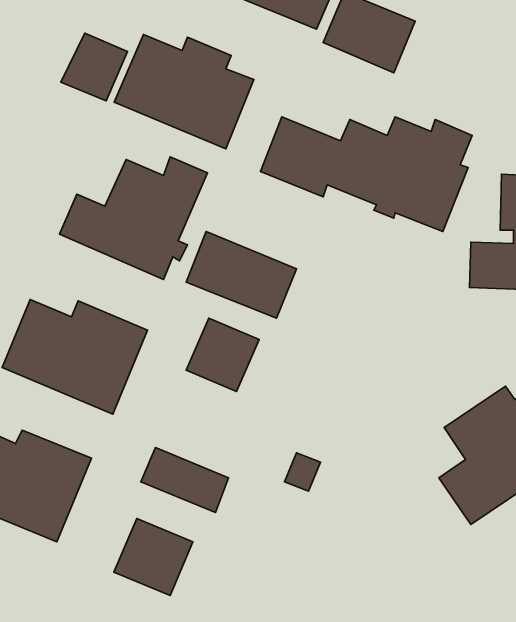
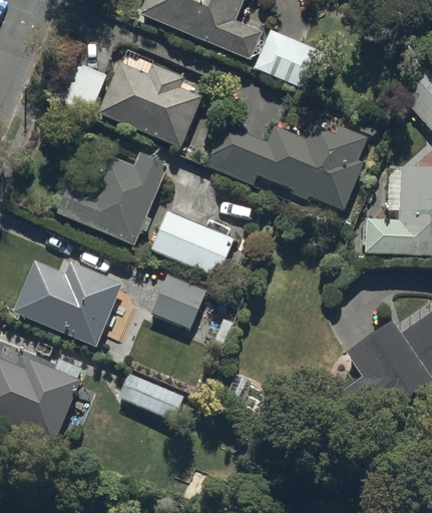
building: [114,519,193,595] -> none

